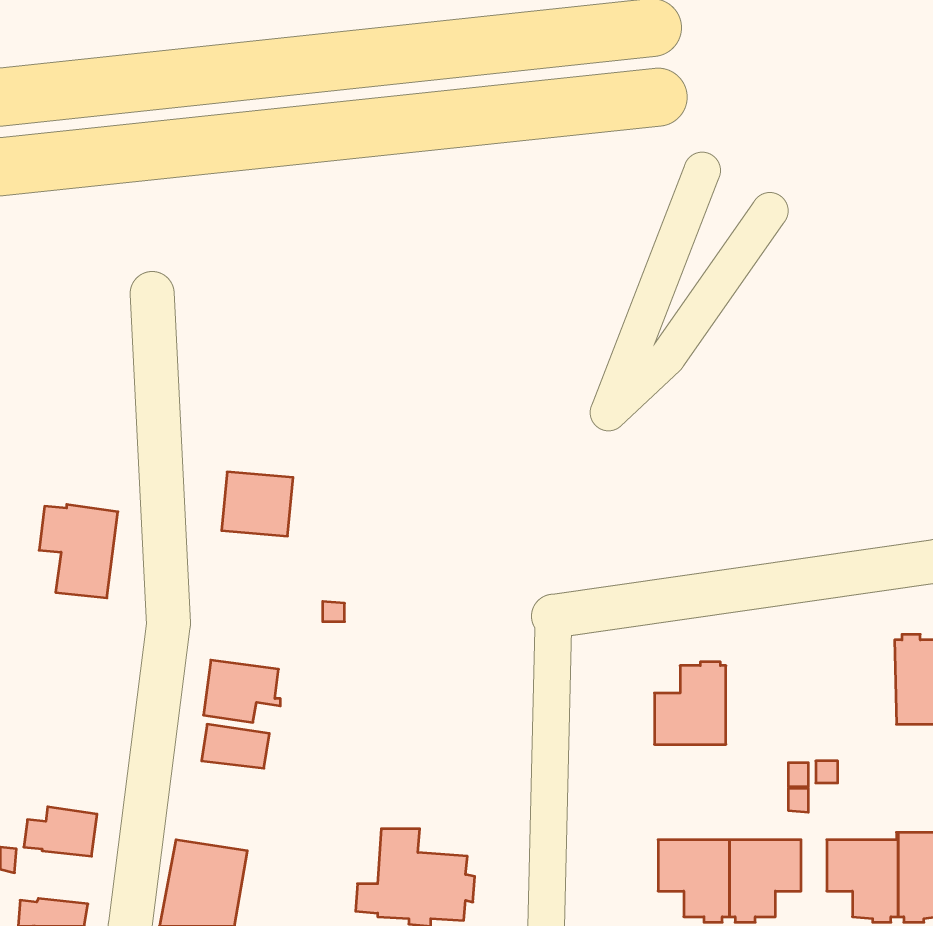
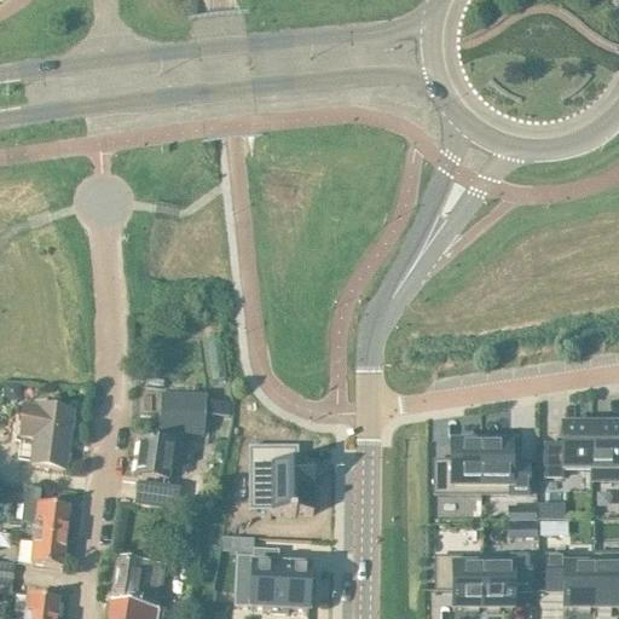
building: [222,472,293,536] -> [160,388,207,430]
building: [39,504,118,598] -> [22,404,74,465]
building: none -> [545,418,594,478]
building: none -> [481,436,528,491]
building: none -> [249,442,314,513]
building: none -> [22,486,70,537]

